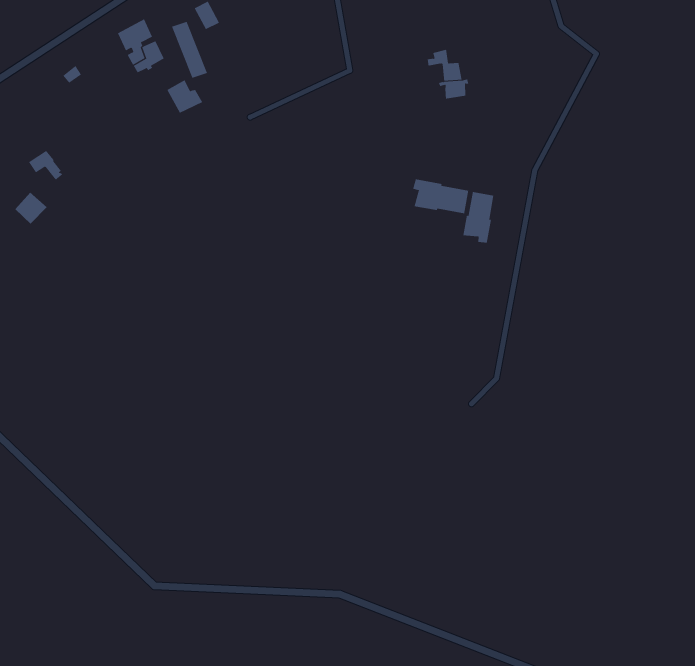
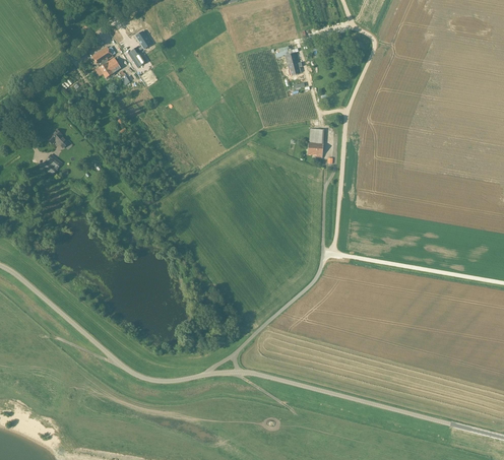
building: [413,179,469,214] -> none

